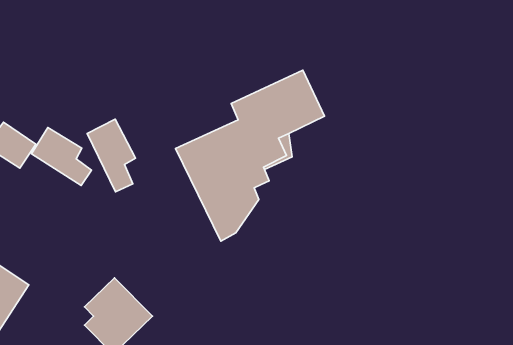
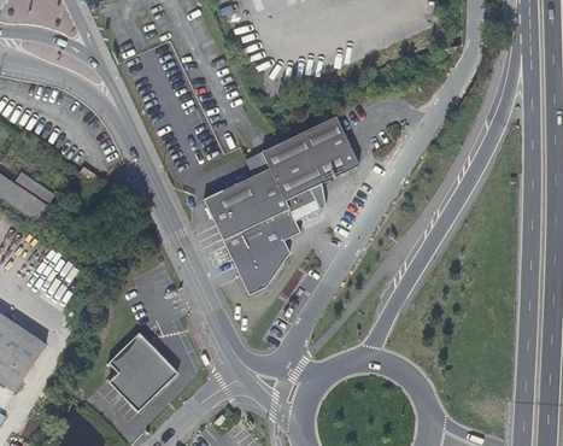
building: [87,119,135,192] -> none
building: [31,127,92,186] -> none

